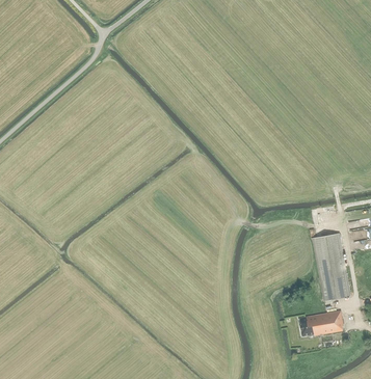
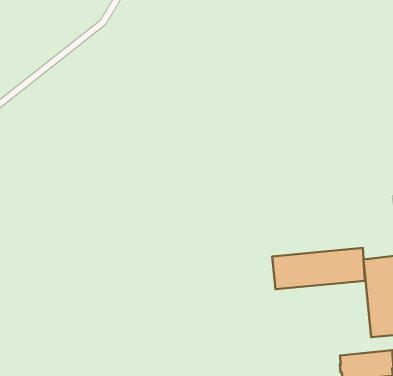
building: none -> [272,248,365,289]

